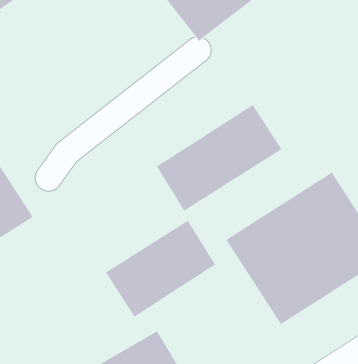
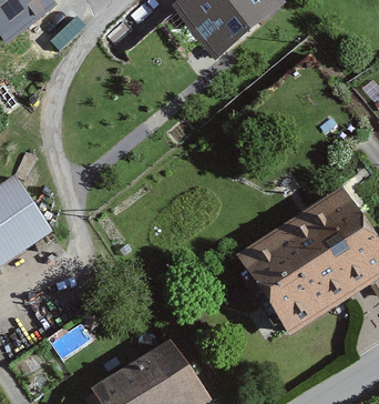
building: [156,104,282,211] -> none
building: [105,220,216,317] -> none

